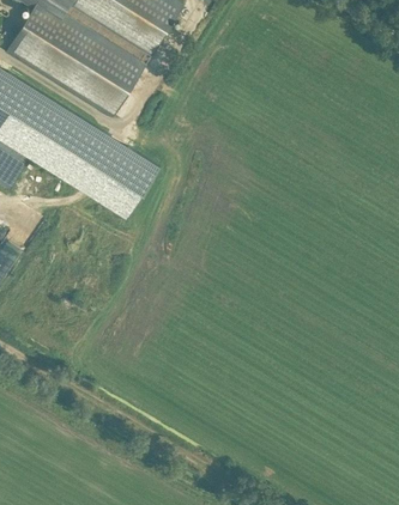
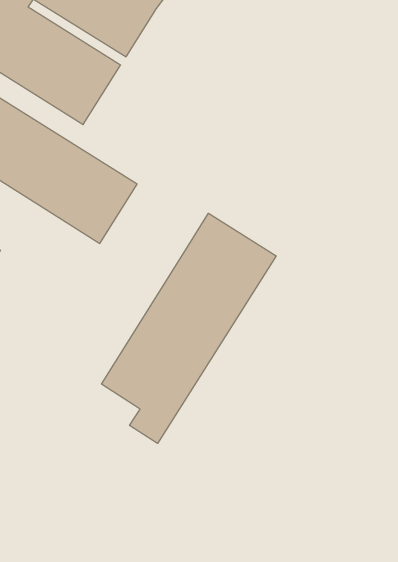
building: none -> [102,213,276,443]

